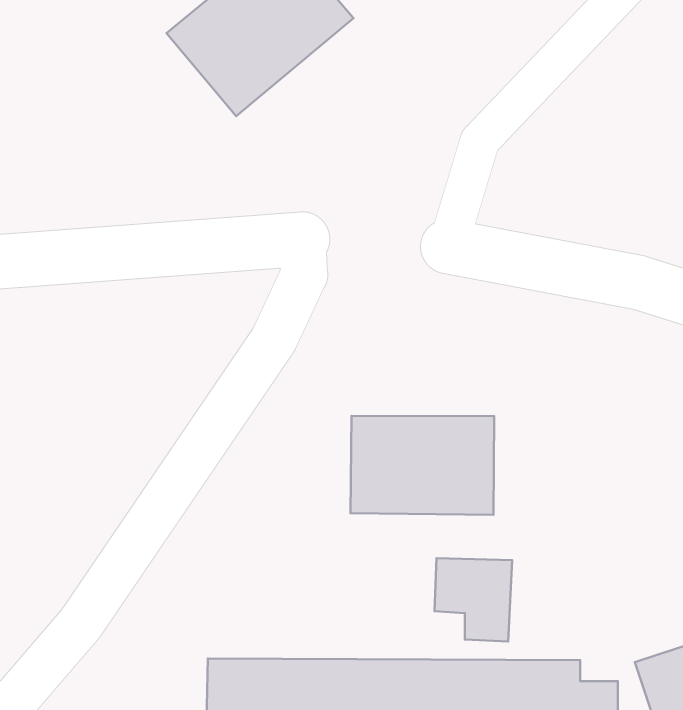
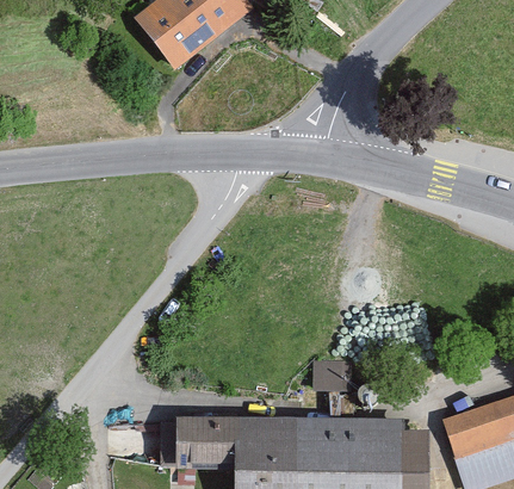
building: [351,416,494,515] -> none

